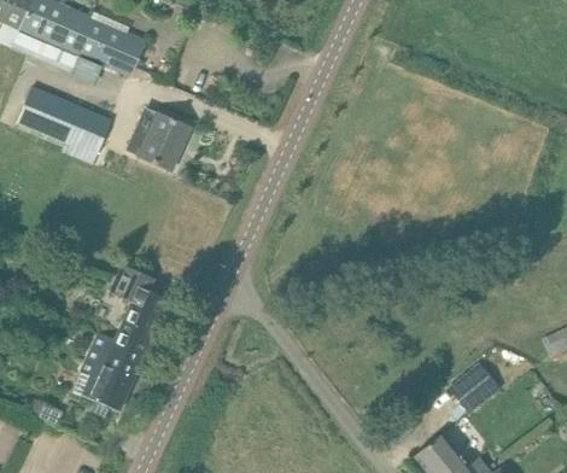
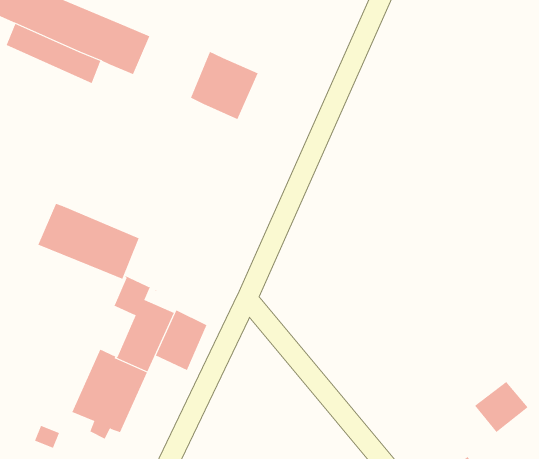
building: [17,87,112,158] -> [38,203,139,280]
building: [127,106,191,170] -> [190,51,258,120]
building: none -> [155,309,207,371]

